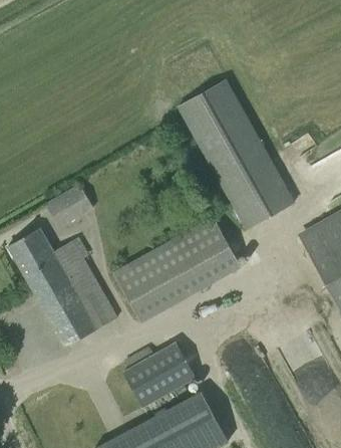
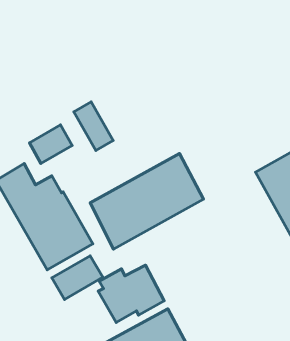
building: [178,78,295,229] -> none
building: none -> [74,102,113,151]
building: none -> [52,256,103,299]

